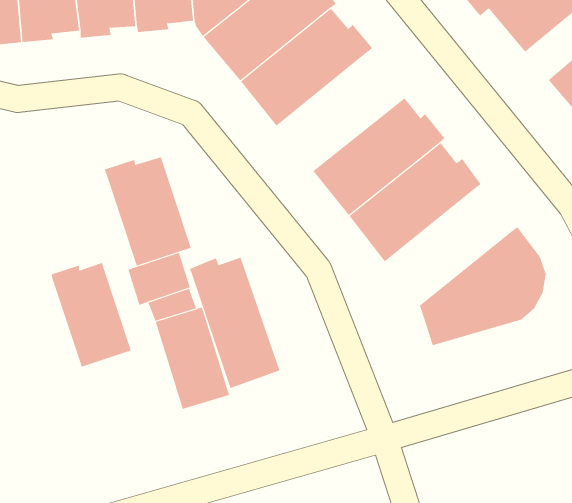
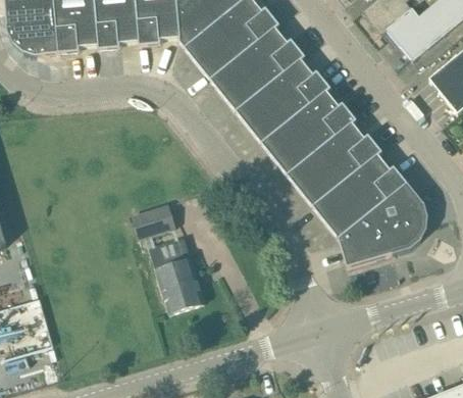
building: none -> [238,60,331,144]
building: [104,156,191,266] -> none
building: none -> [314,155,408,239]
building: [189,257,280,389] -> none
building: [51,262,132,367] -> none

